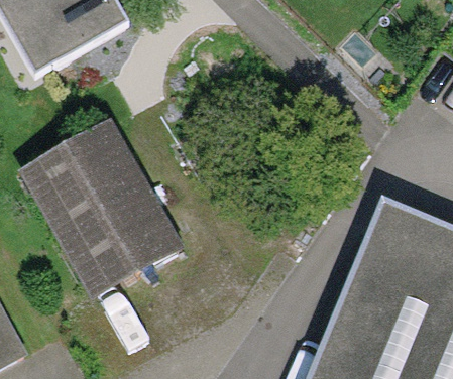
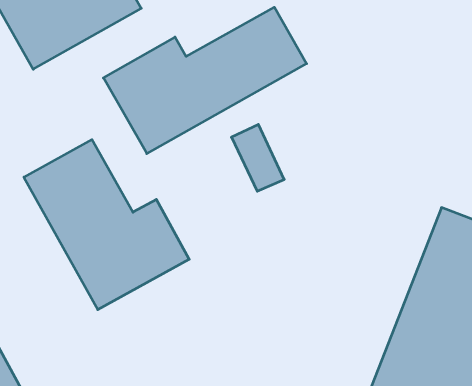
building: none -> [103,7,307,154]

